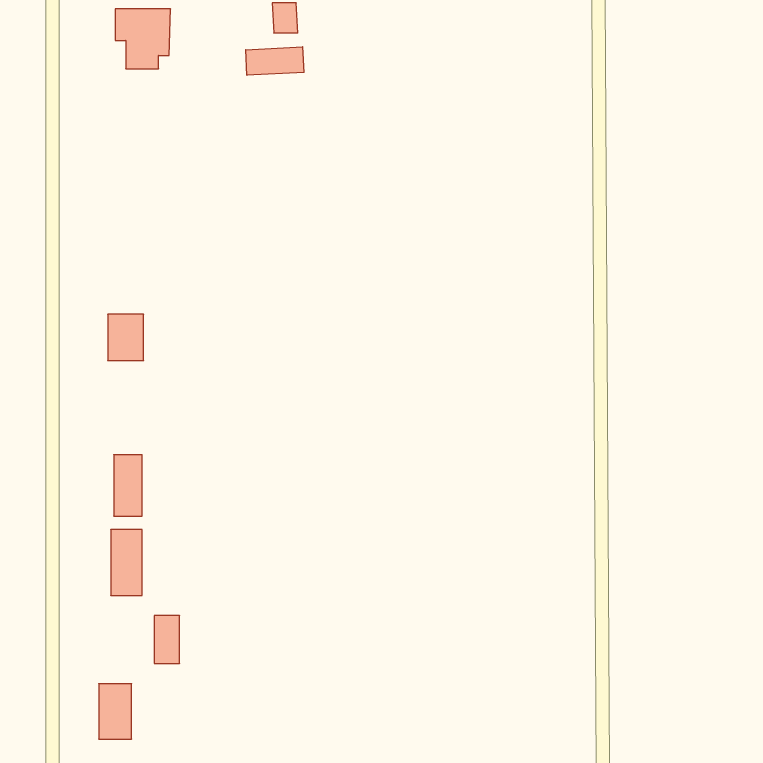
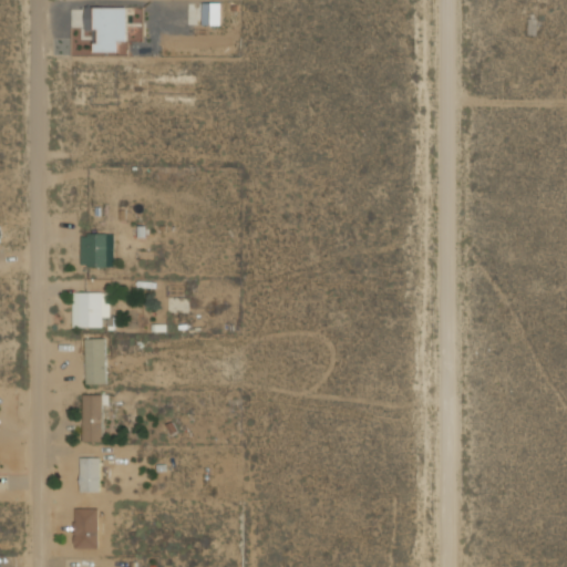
building: [246,47,304,75] -> none
building: none -> [71,292,109,328]
building: [154,616,180,663] -> [80,457,99,493]

